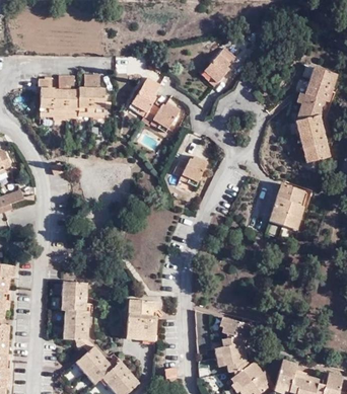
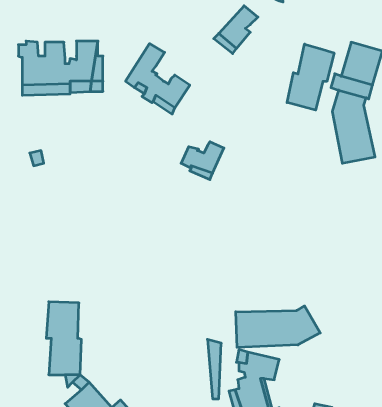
building: none -> [287,44,334,110]
building: [266,184,302,231] -> none
building: none -> [236,306,320,347]
building: [129,296,161,336] -> none

